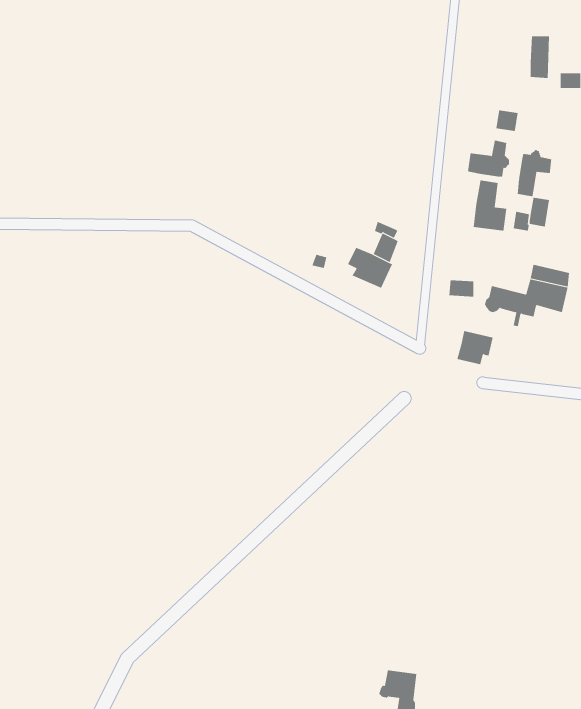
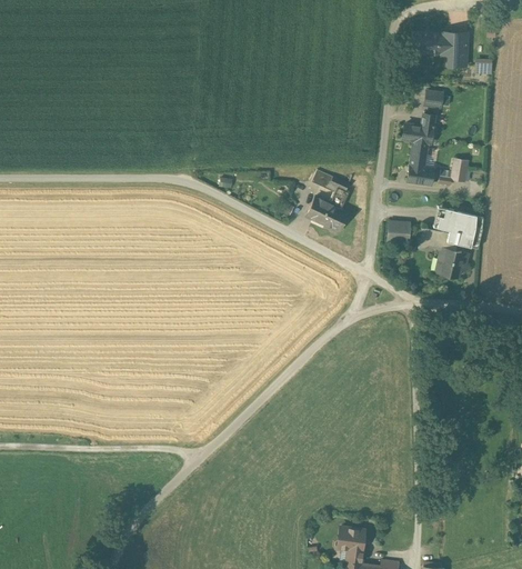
building: none -> [411,31,452,53]
building: [517,149,552,197] -> none
building: [456,331,494,365] -> [439,249,468,276]

